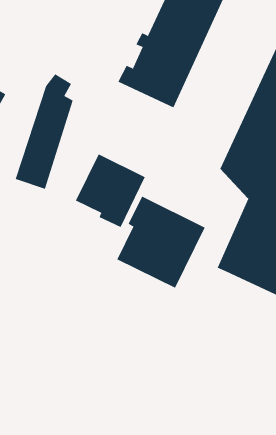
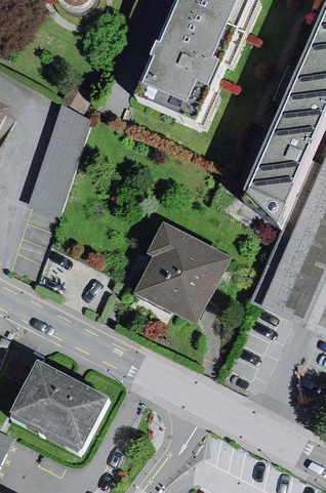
building: [75,154,146,228] -> none
building: none -> [10,360,110,448]

